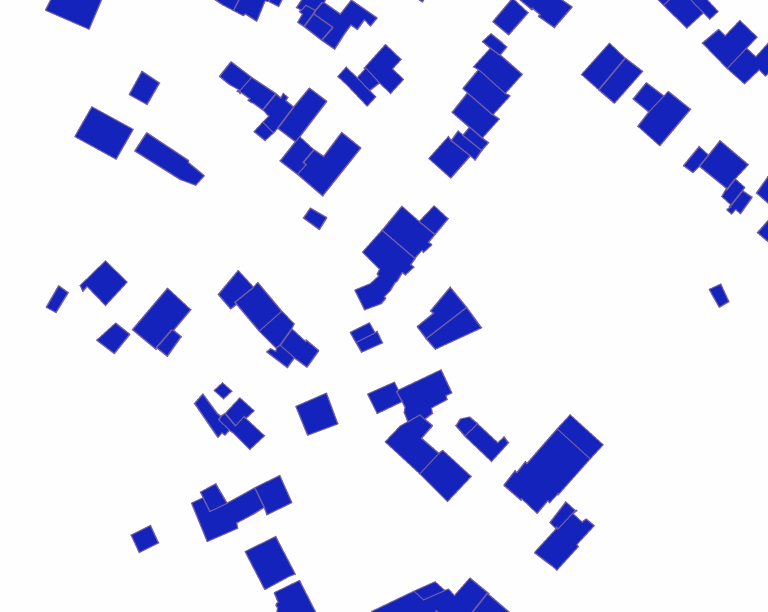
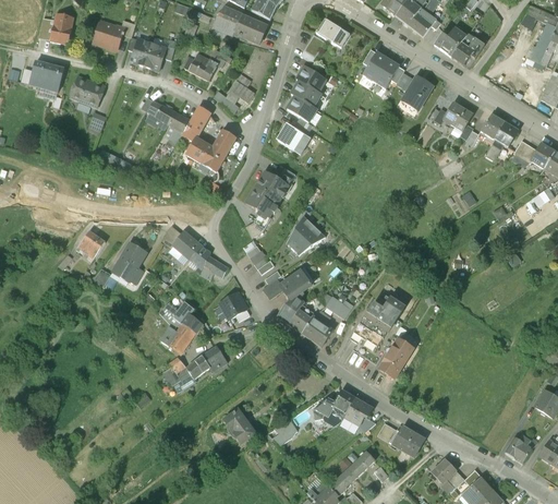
building: [75,107,133,159] -> [70,77,105,107]
building: none -> [159,324,195,355]
building: [245,536,295,589] -> none

